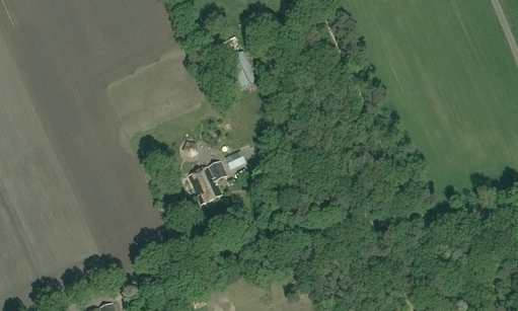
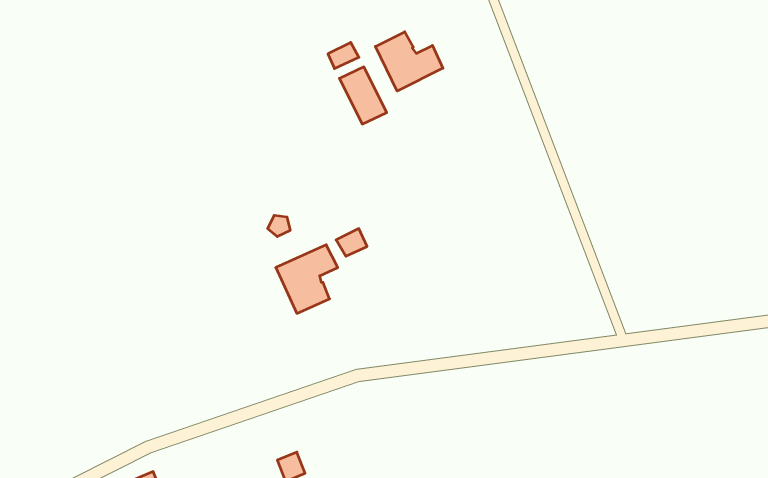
building: none -> [375,32,443,91]

